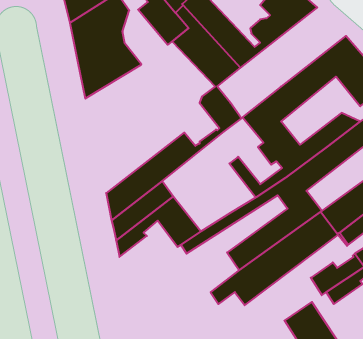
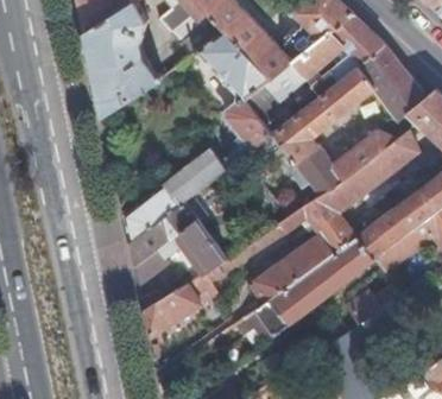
building: none -> [244,17,383,119]
building: none -> [144,272,215,338]

